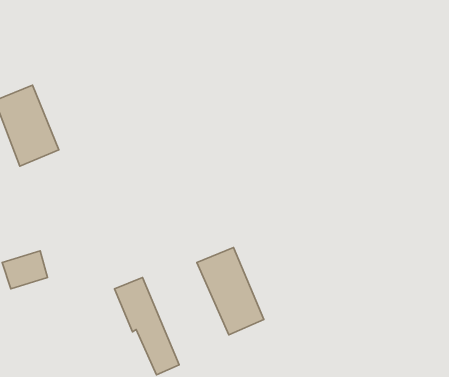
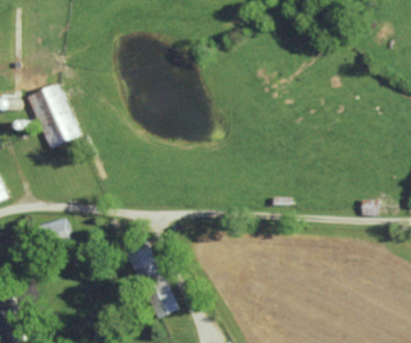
building: [197,247,264,335] -> none

